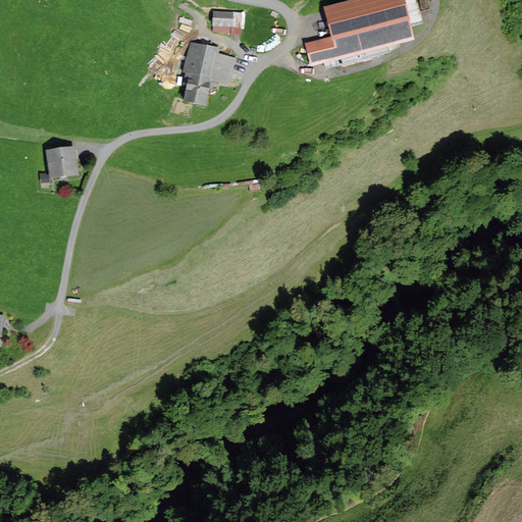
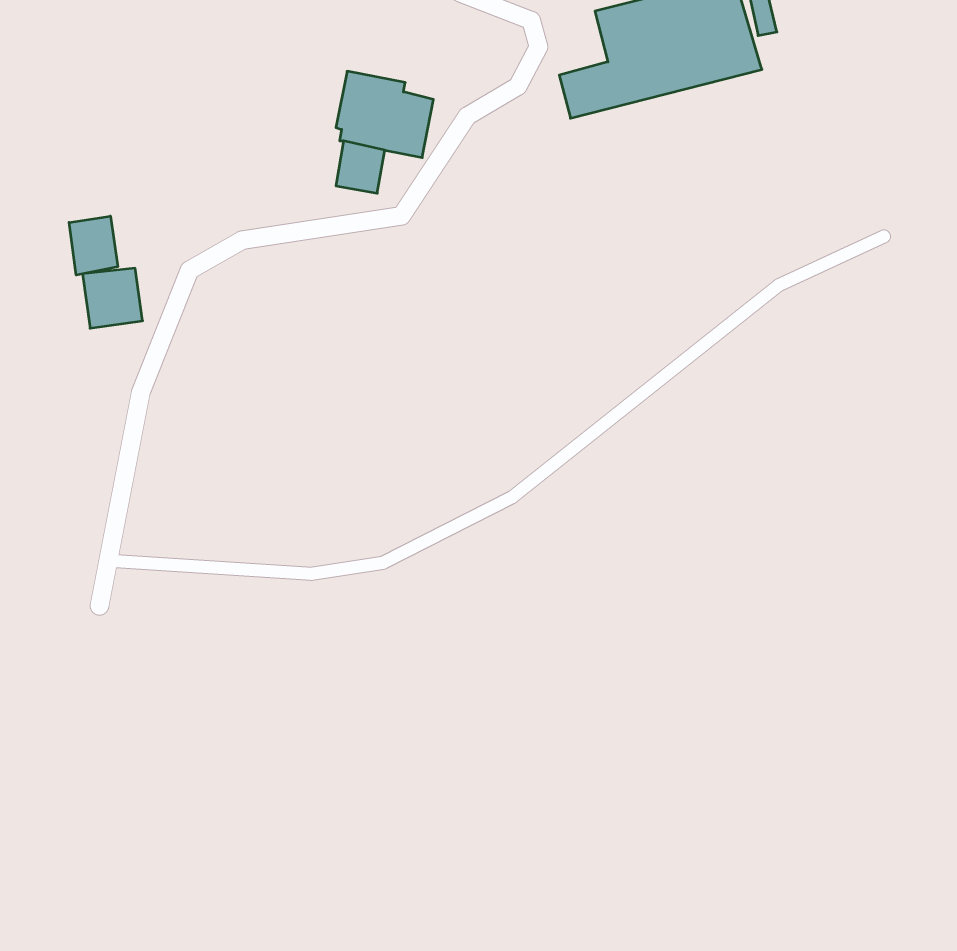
building: [211,8,241,25] -> none
building: none -> [69,216,118,275]

